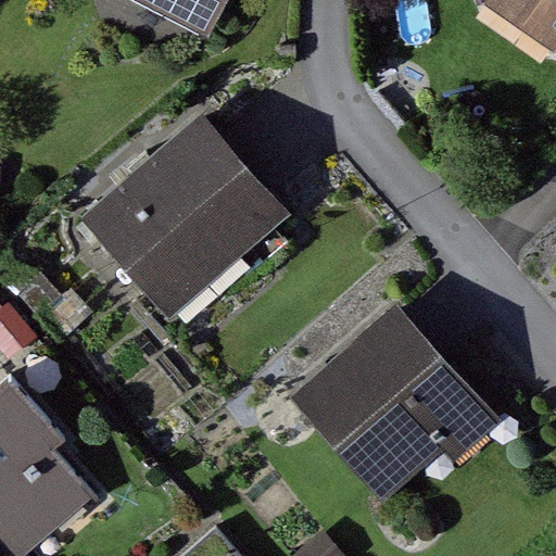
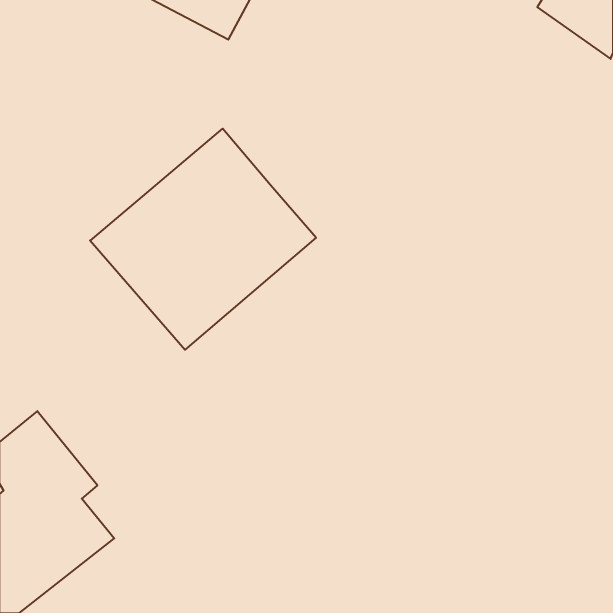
building: [290,308,493,504] -> none

